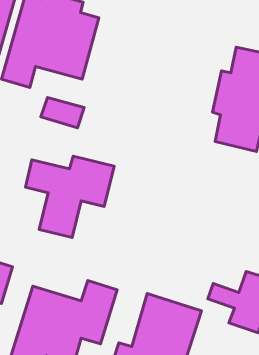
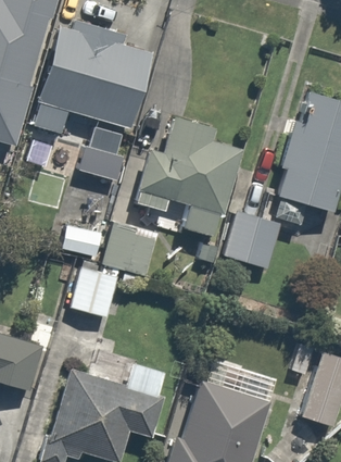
building: none -> [132,115,242,239]
building: none -> [225,213,289,269]

